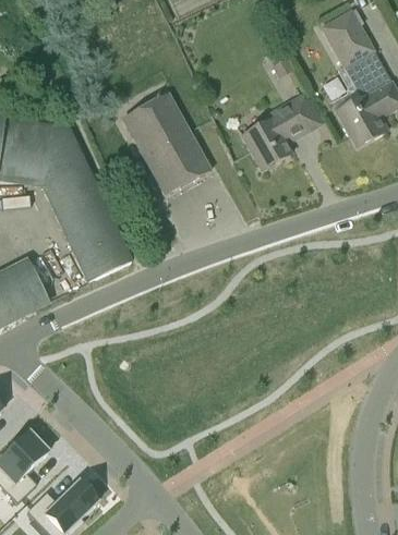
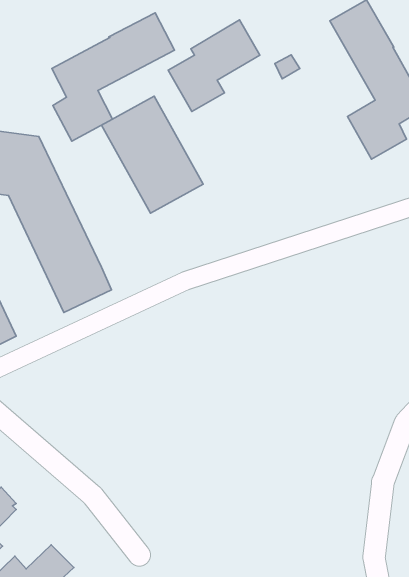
building: none -> [52,13,174,141]
building: [241,89,321,169] -> [168,20,260,112]

